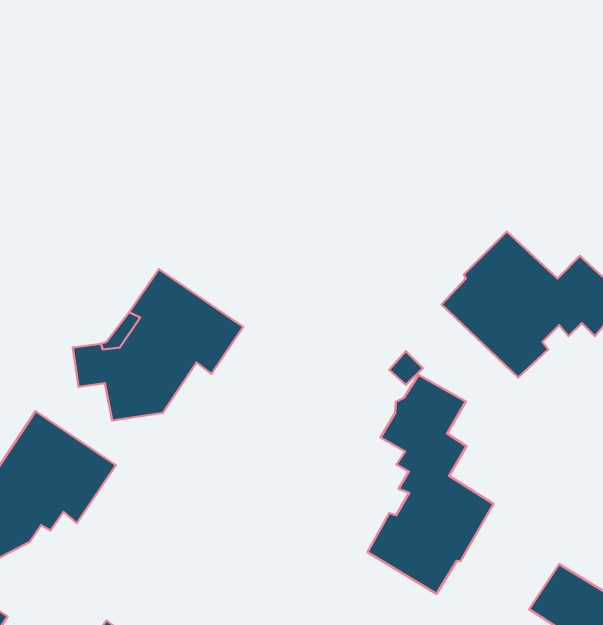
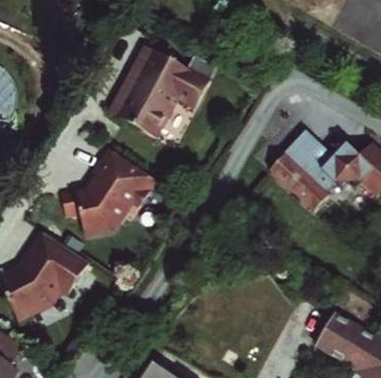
building: none -> [117,55,219,146]
building: [368,375,494,594] -> none

